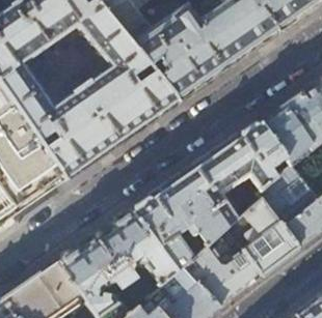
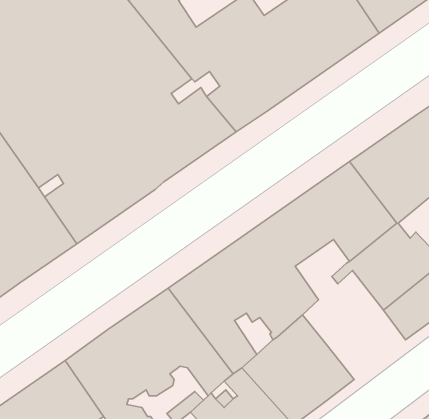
building: [241,199,297,276] -> none

